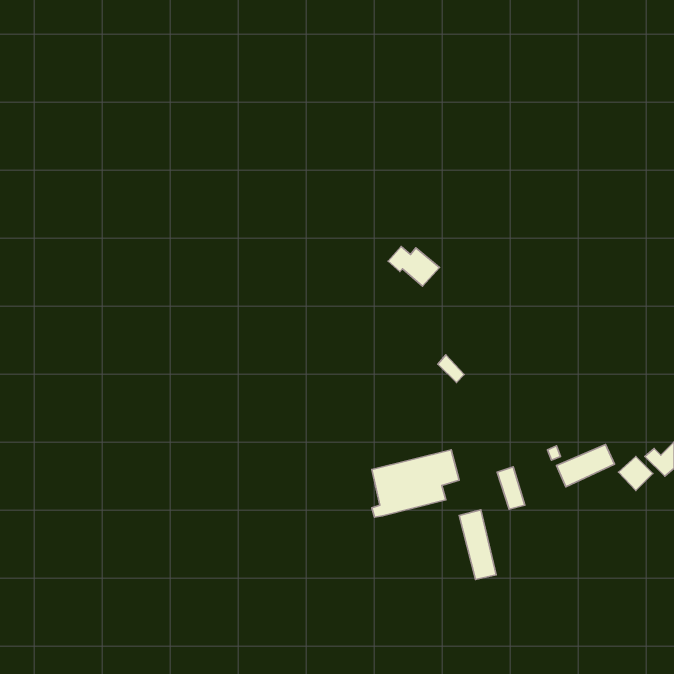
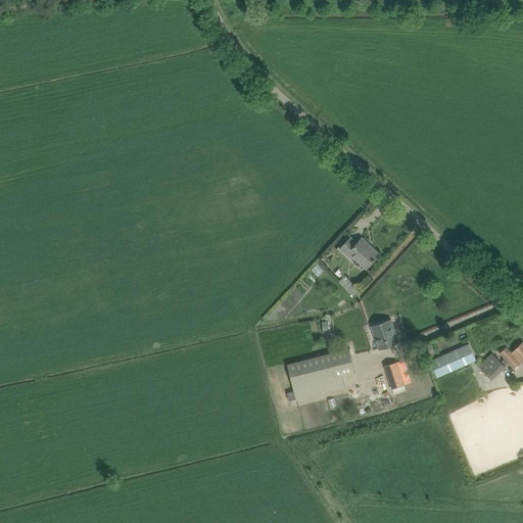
building: [388,247,440,286] -> [340,237,380,268]
building: none -> [372,319,399,349]
building: [459,510,496,579] -> none

